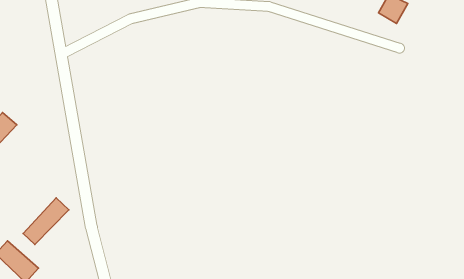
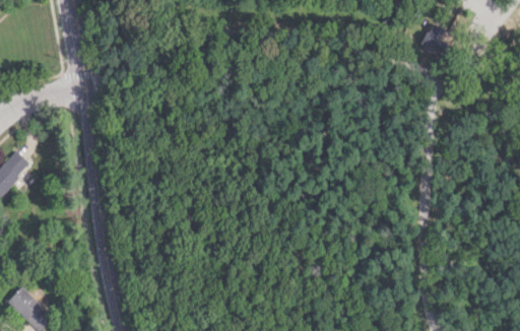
building: [23,198,69,245] -> none

